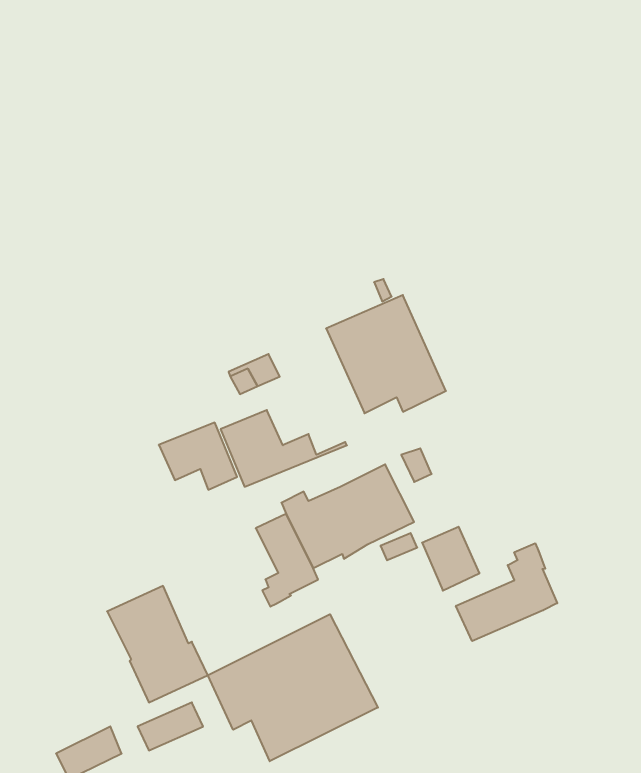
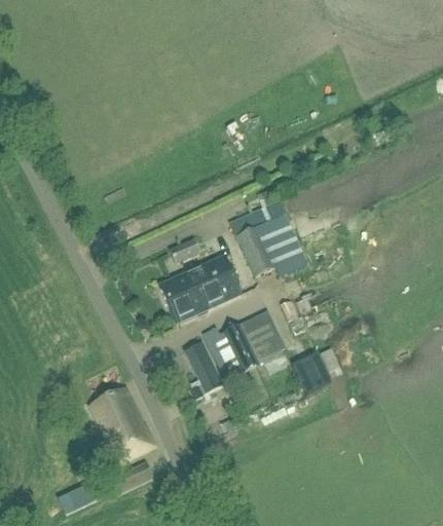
building: [159,423,237,490] -> [191,259,242,302]
building: [456,543,557,641] -> none
building: [208,614,378,761] -> none

